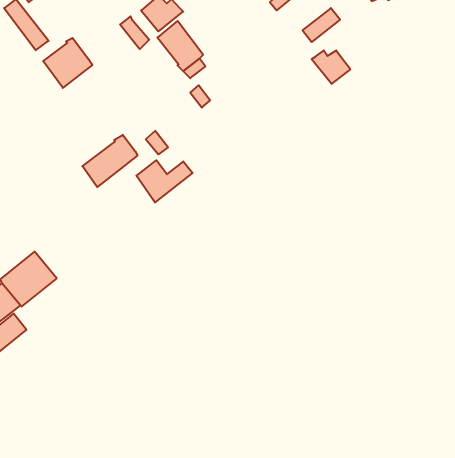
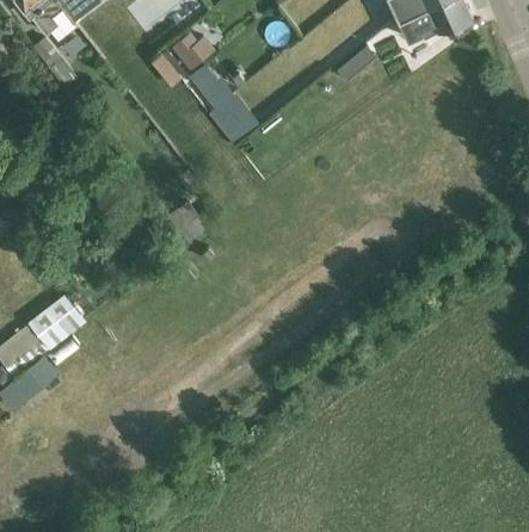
building: [43,38,92,88] -> none
building: [312,50,350,84] -> none
building: [82,135,137,187] -> none

